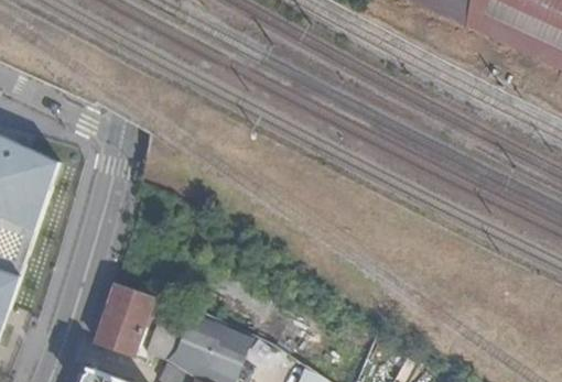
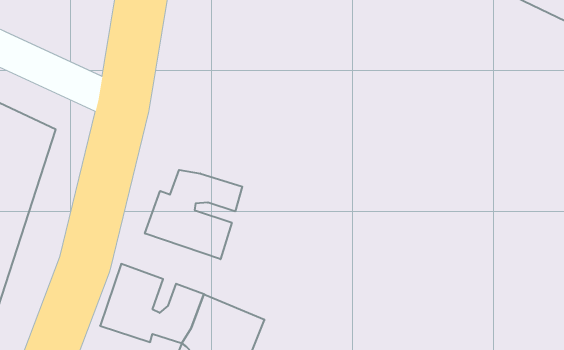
building: none -> [145,170,242,259]

